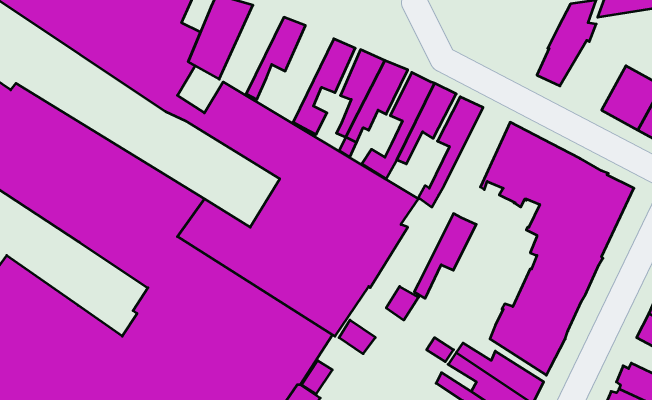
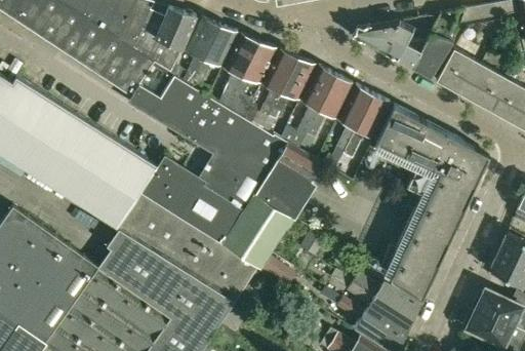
building: none -> [184,17,220,84]
building: none -> [353,23,425,70]
building: none -> [220,34,258,106]
building: none -> [436,48,481,96]
building: [414,214,476,298] -> [342,94,390,159]

